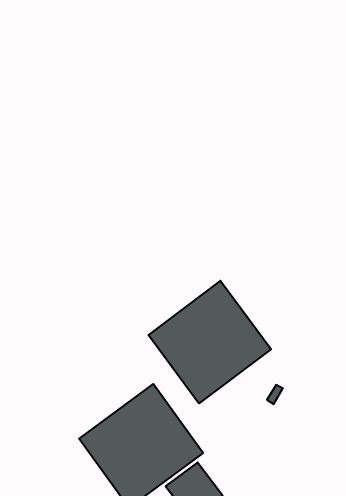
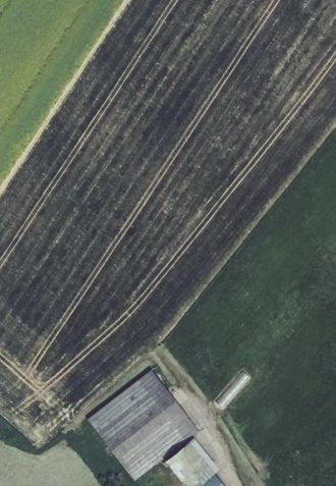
building: [148,281,271,403] -> none

